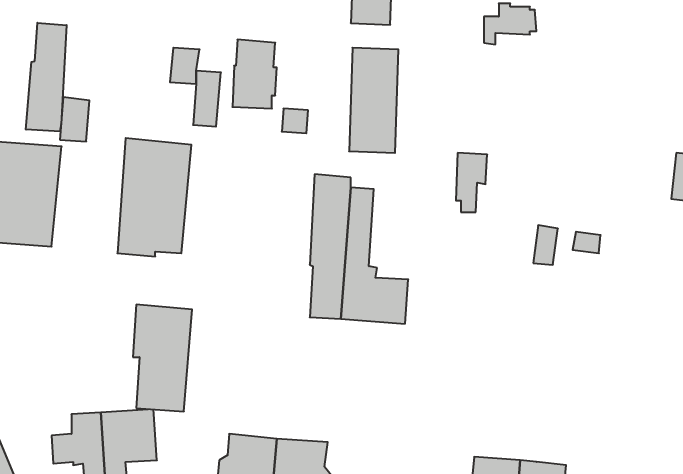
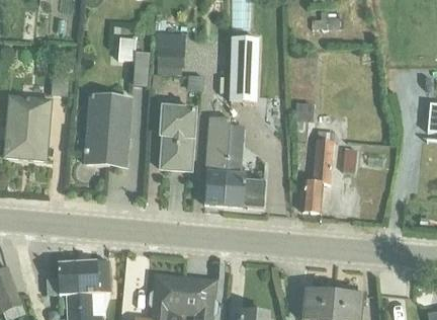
building: [26,23,67,131] -> none
building: none -> [301,129,334,212]
building: [133,305,192,411] -> [159,105,195,171]

